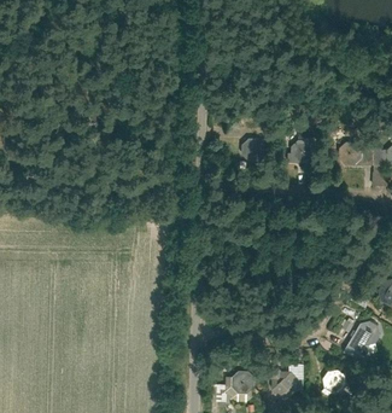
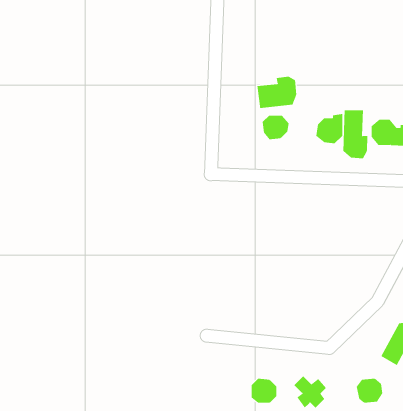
building: none -> [257,76,297,109]
building: none -> [343,110,368,159]

